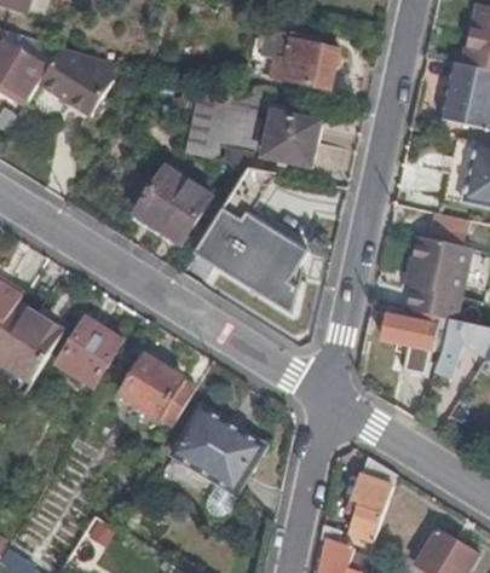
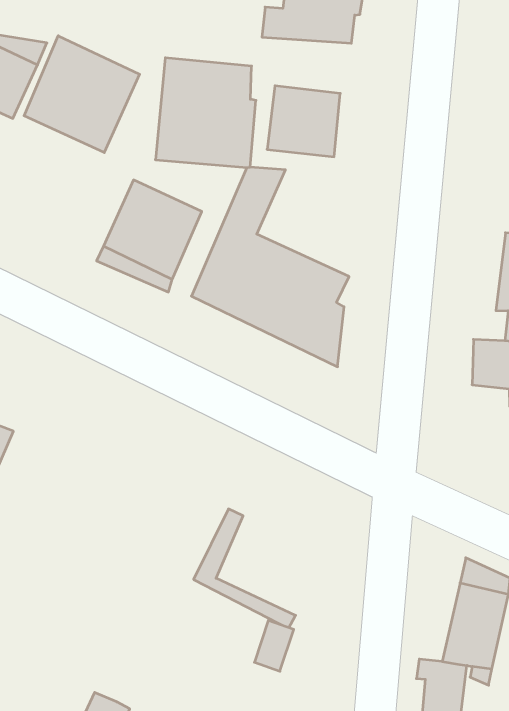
building: none -> [24,36,140,153]
building: [56,316,122,387] -> none
building: [121,355,198,428] -> none
building: [190,409,267,482] -> none

